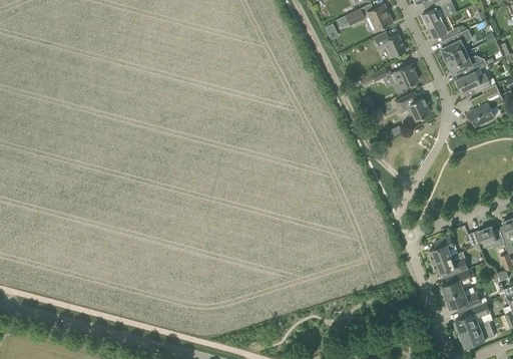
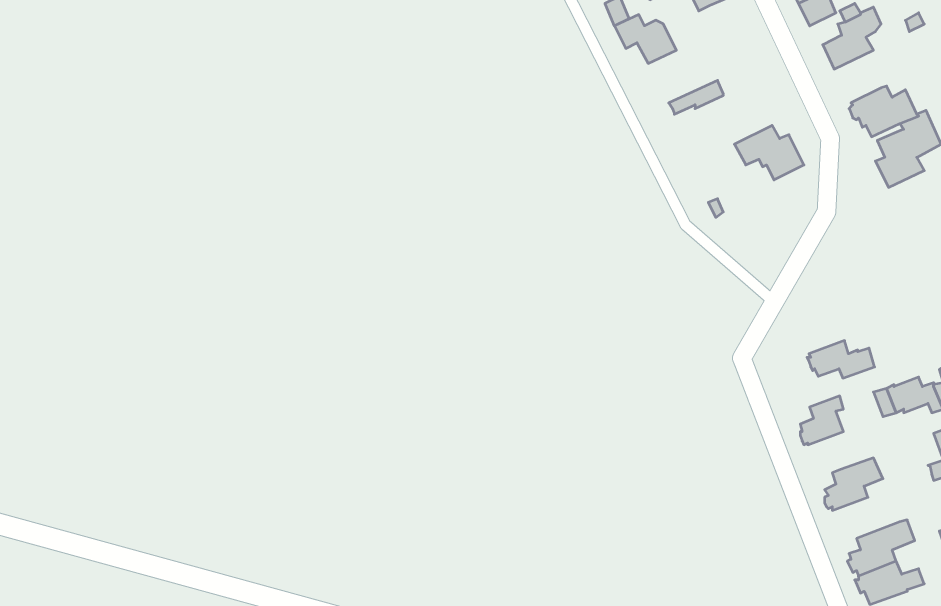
building: [373,31,406,57] -> [614,15,676,63]
building: [446,51,487,73] -> none
building: [392,63,418,93] -> none
building: [432,255,468,275] -> [807,341,875,378]
building: [445,290,482,312] -> none

